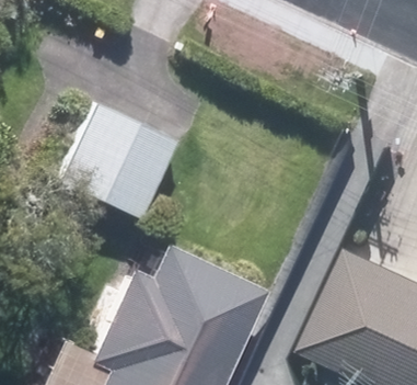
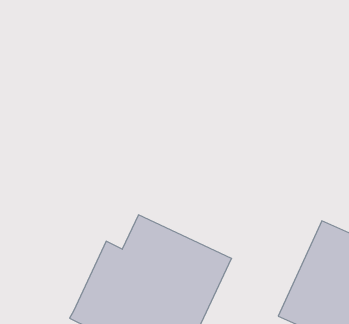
building: [60,105,176,220] -> none

